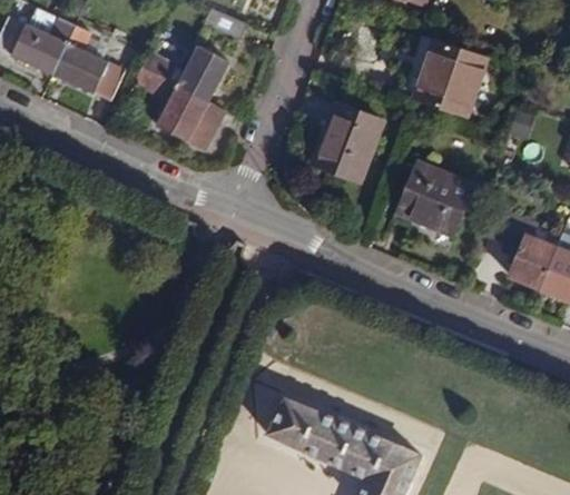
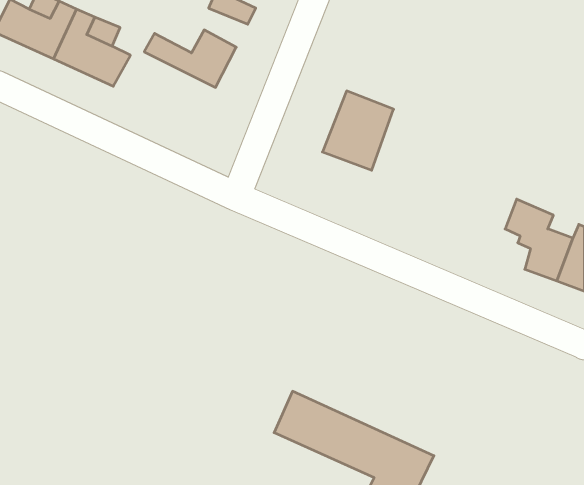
building: [401,33,488,118] -> none
building: [132,67,226,151] -> none
building: [395,161,475,239] -> none

